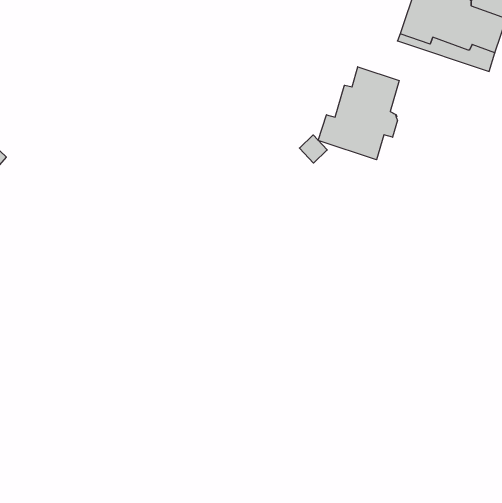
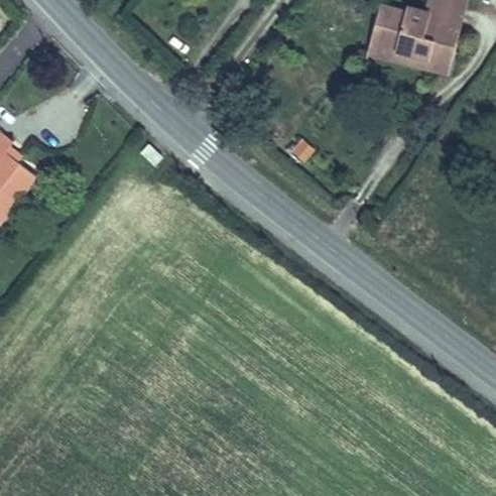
building: [318,67,399,160] -> none

